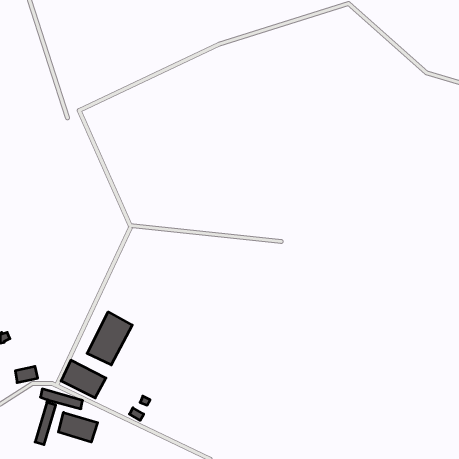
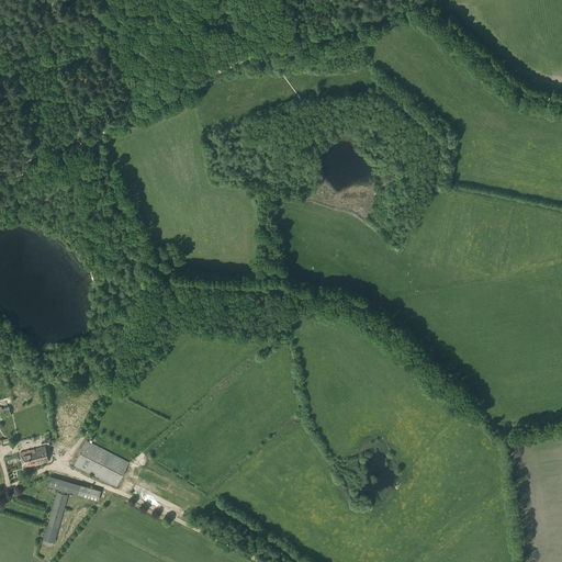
building: [87,312,132,365] -> none
building: [58,412,98,442] -> none

